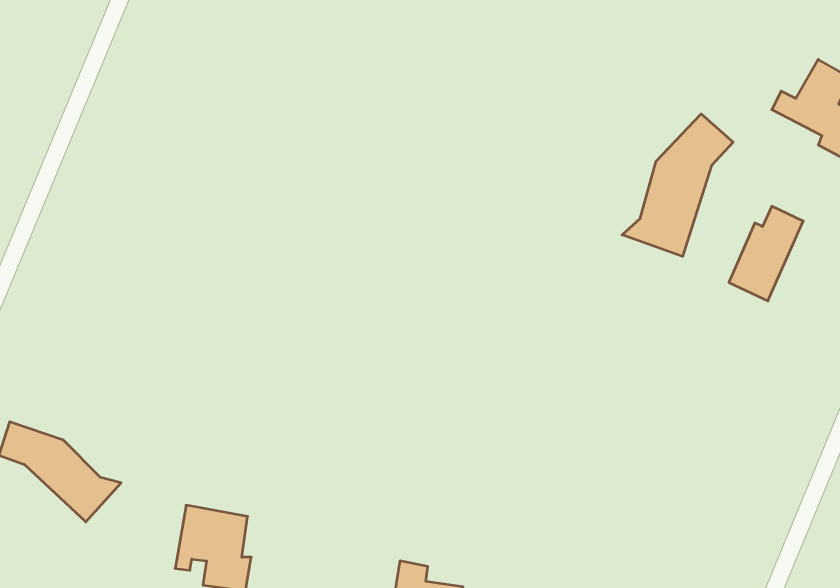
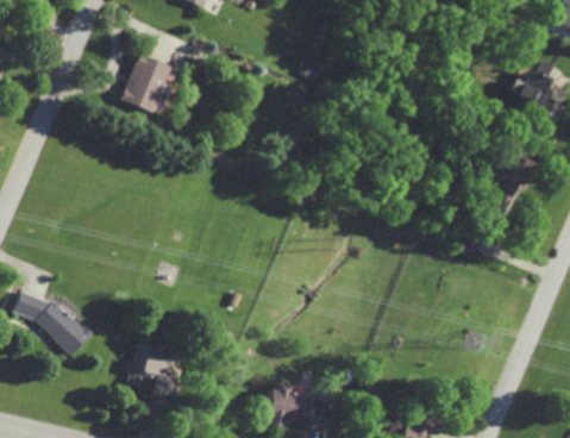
building: none -> [120,54,170,114]
building: [622,114,733,256] -> none

